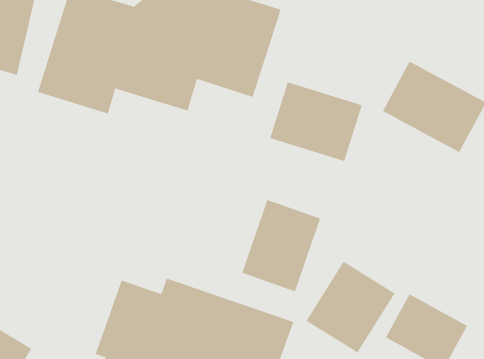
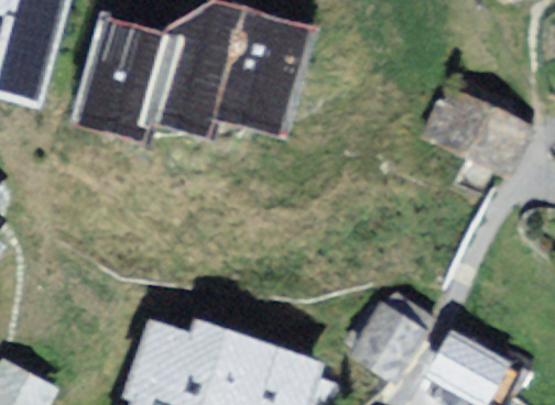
building: [270,82,362,162] -> none
building: [242,199,321,292] -> none

